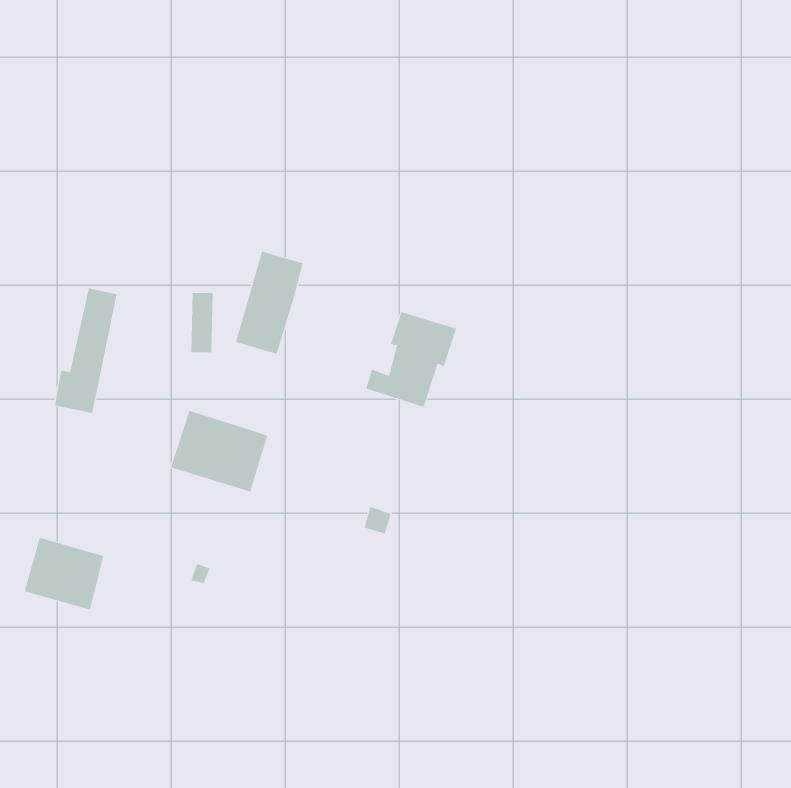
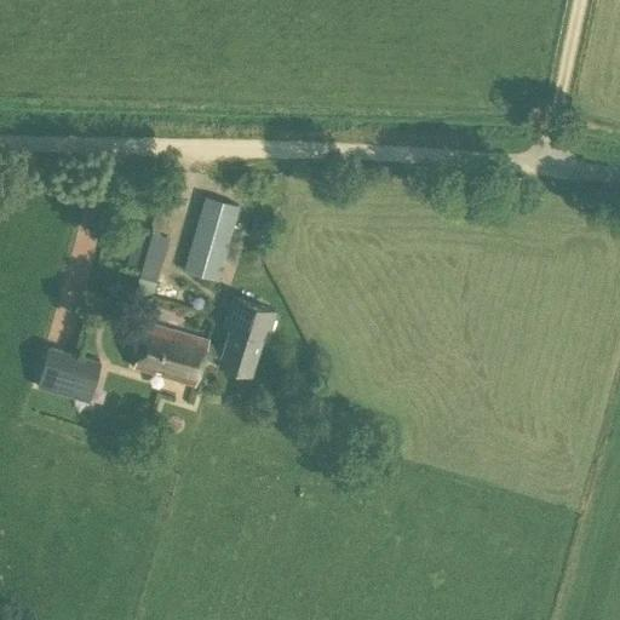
building: [365,312,457,408] -> [205,299,276,374]
building: [24,537,104,610] -> [36,348,99,404]

